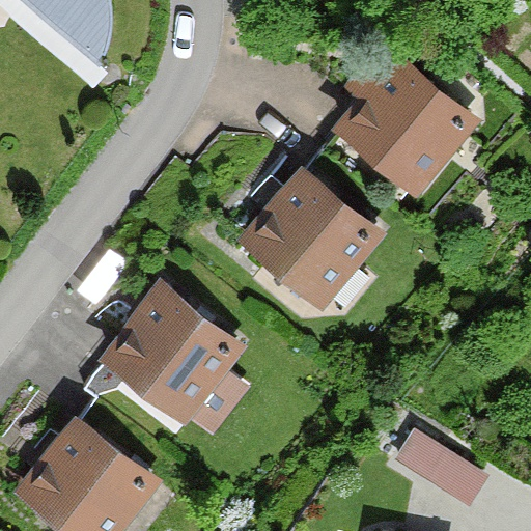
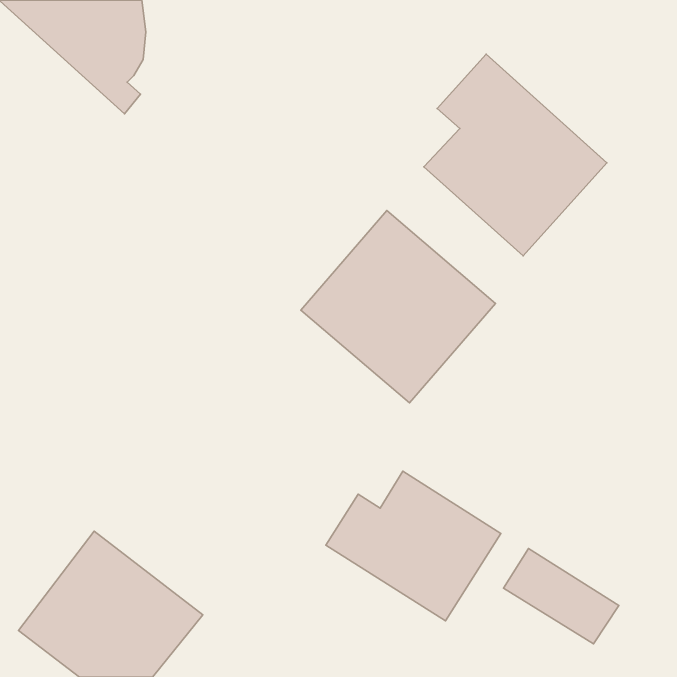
building: [100,281,245,425] -> none
building: none -> [326,471,501,621]

